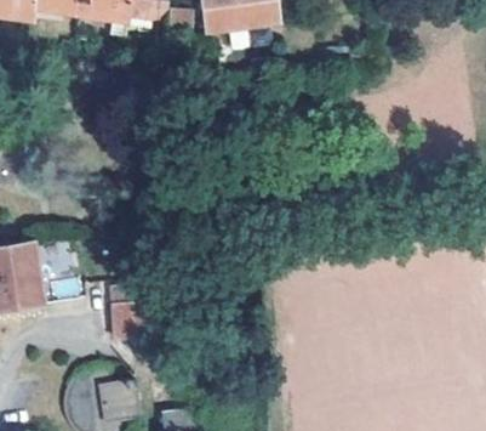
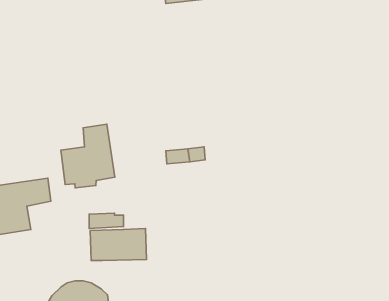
building: none -> [61,124,115,188]

